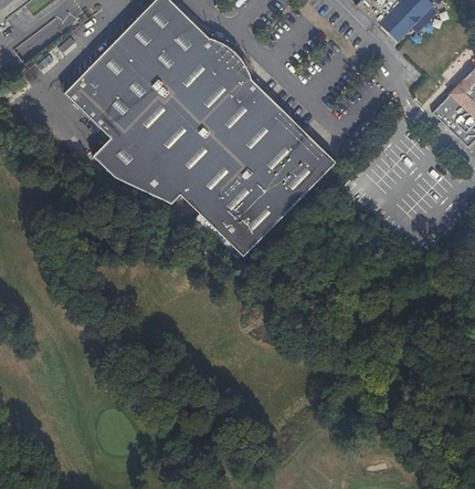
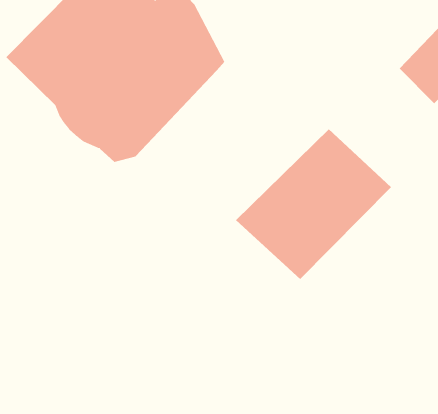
building: [181,108,332,254] -> [235,129,392,280]

